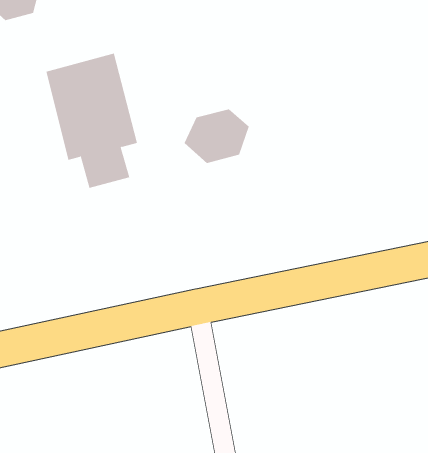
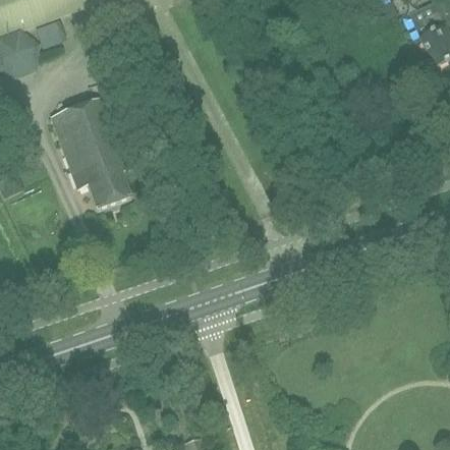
building: [184,108,250,164] -> none

